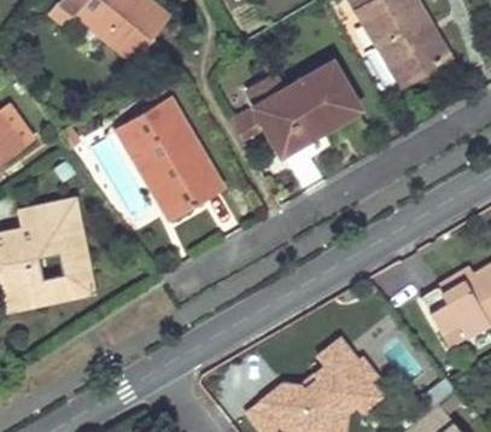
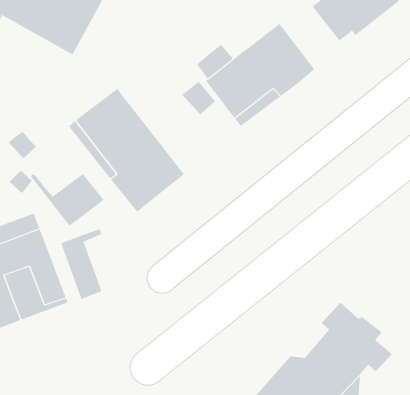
building: none -> [30,173,104,227]
building: none -> [60,228,102,300]

